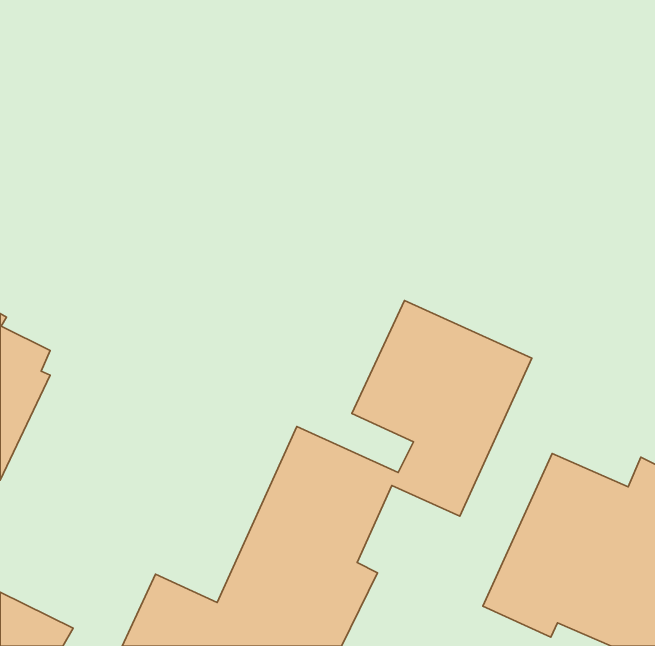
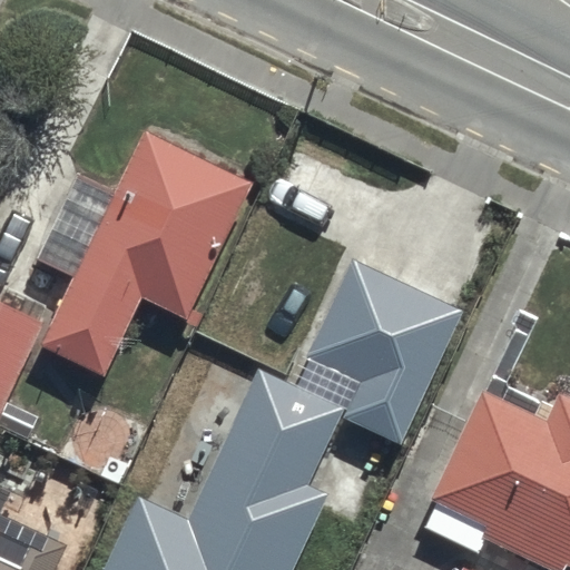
building: none -> [38,132,249,379]

